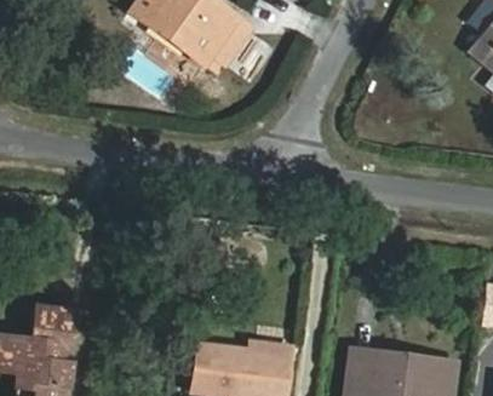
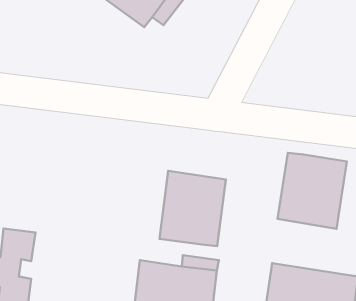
building: none -> [278,153,347,229]
building: none -> [159,171,226,246]

